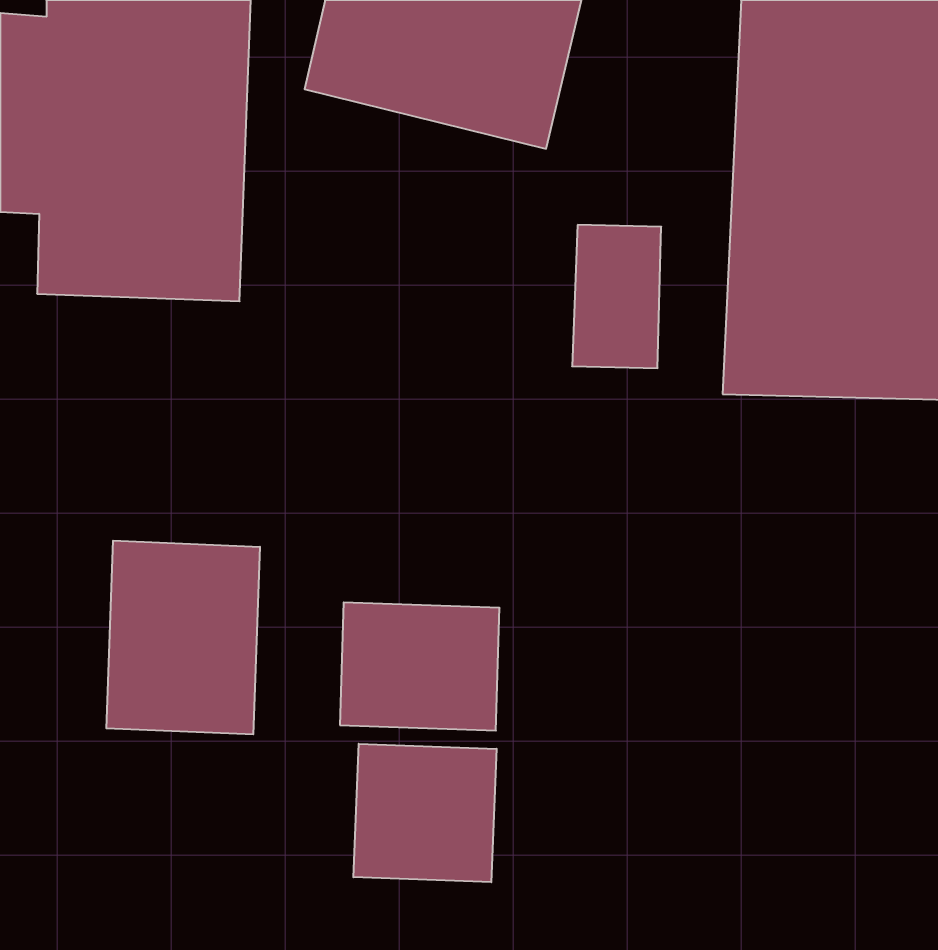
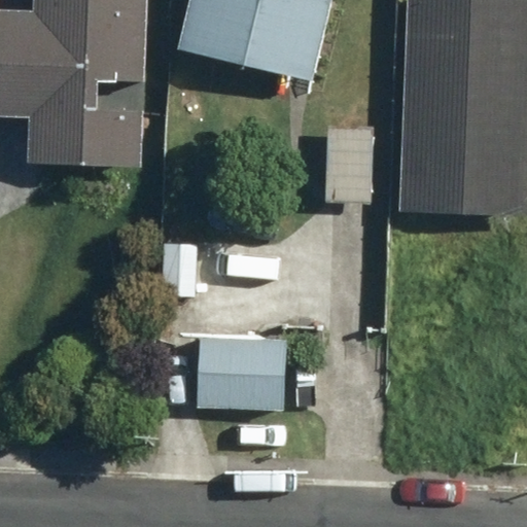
building: [106,541,260,734] -> none
building: [353,744,497,882] -> none

